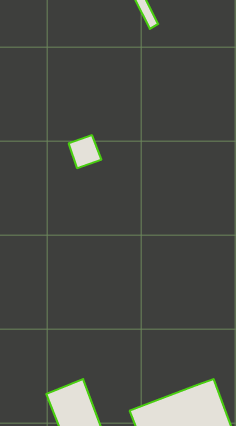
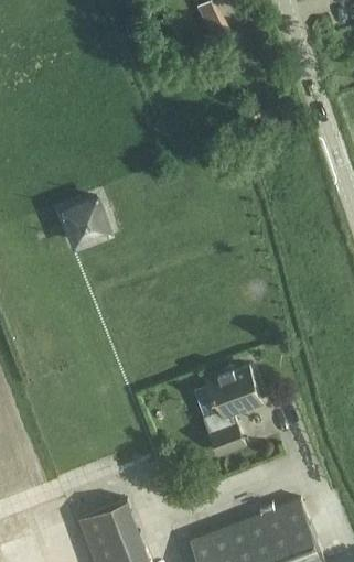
building: [69,135,101,168] -> [62,198,105,241]
building: none -> [201,366,258,454]

